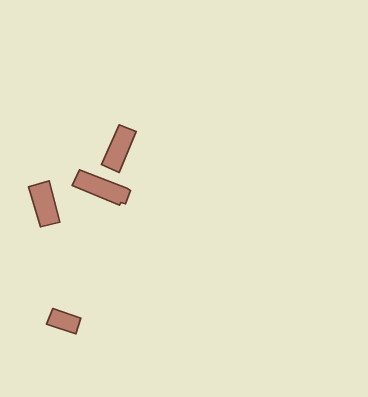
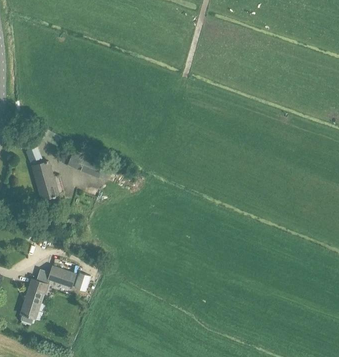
building: [102,125,136,172] -> none
building: none -> [19,278,48,322]

